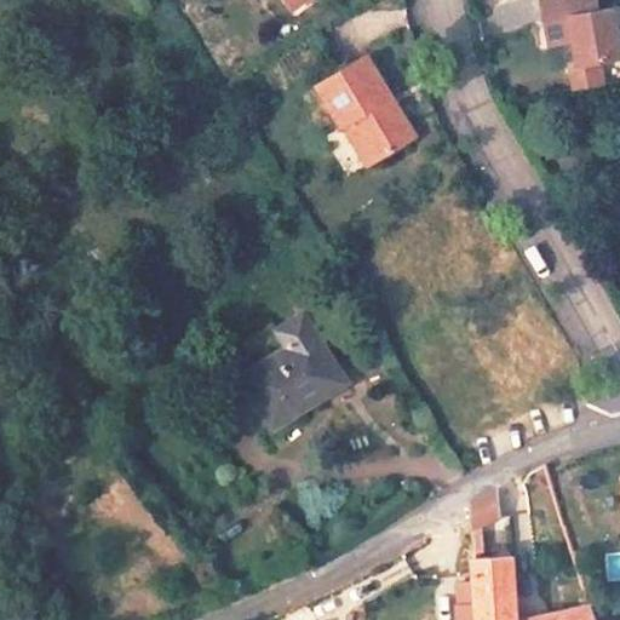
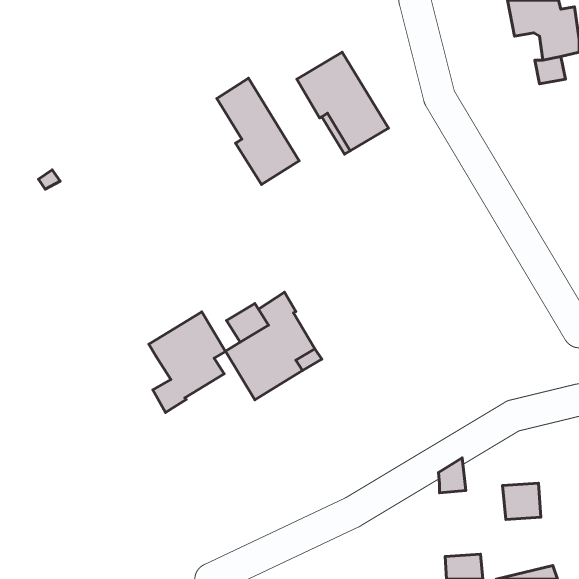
building: none -> [217,78,299,184]
building: none -> [149,312,226,412]
building: [472,556,513,595] -> [502,483,541,520]

